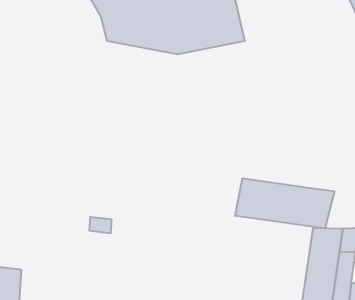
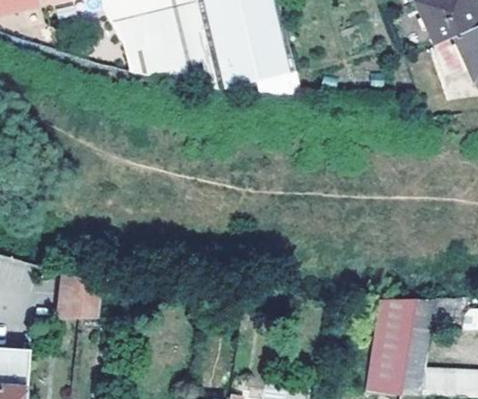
building: [235,178,334,228] -> none
building: none -> [59,273,99,318]

